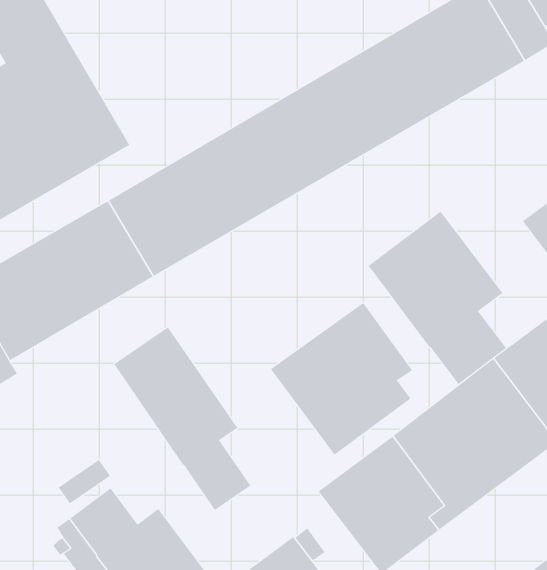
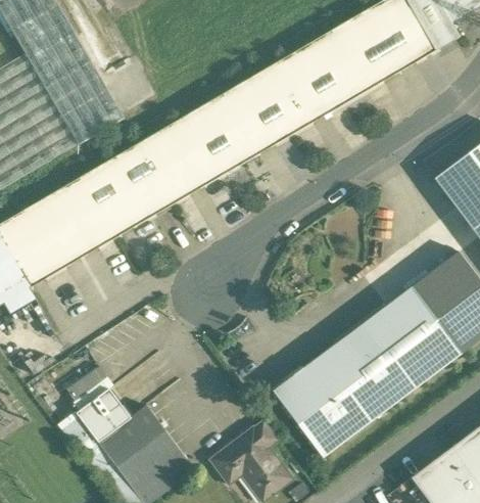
building: [368,211,507,385] -> none
building: [270,302,413,455] -> none
building: [114,326,251,511] -> none

